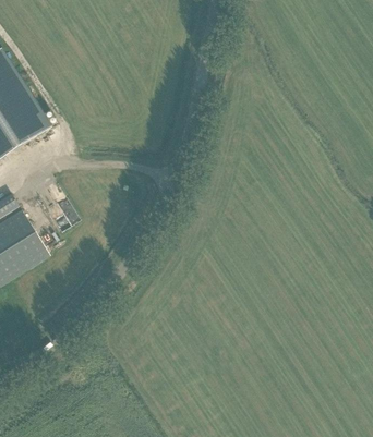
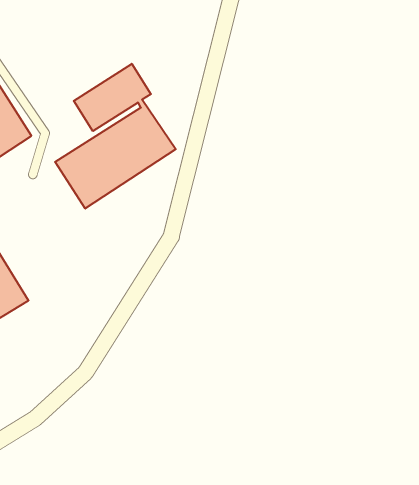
building: none -> [55,64,176,209]

